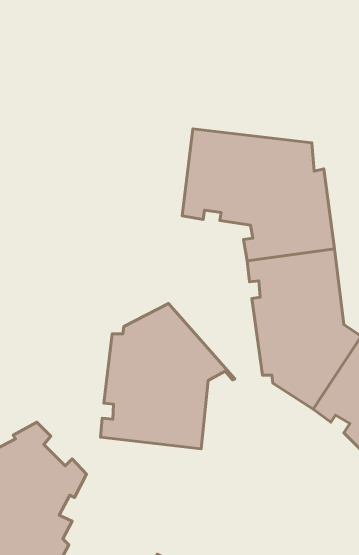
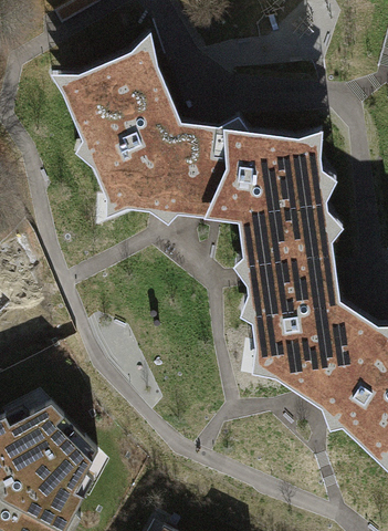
building: none -> [69,49,196,208]
building: [100,303,235,449] -> none

